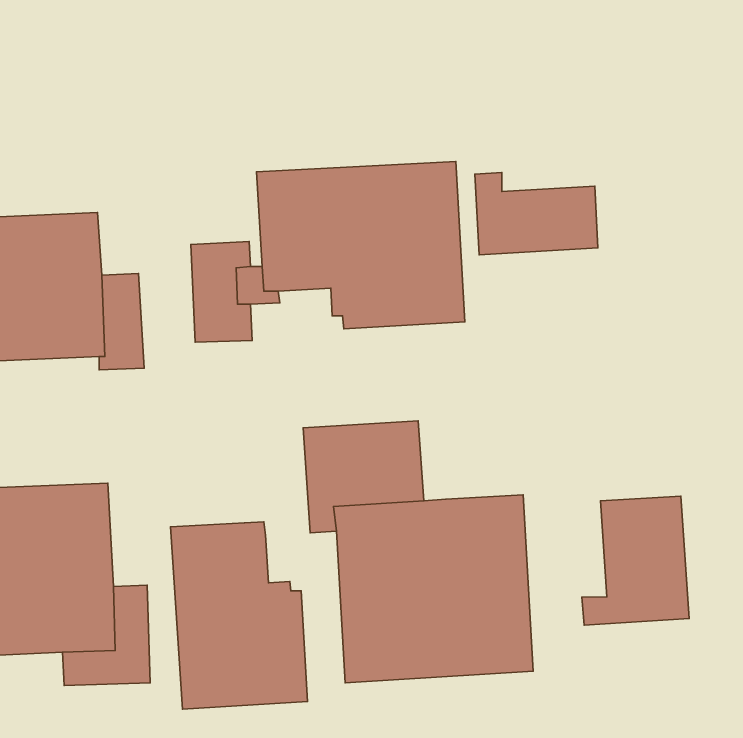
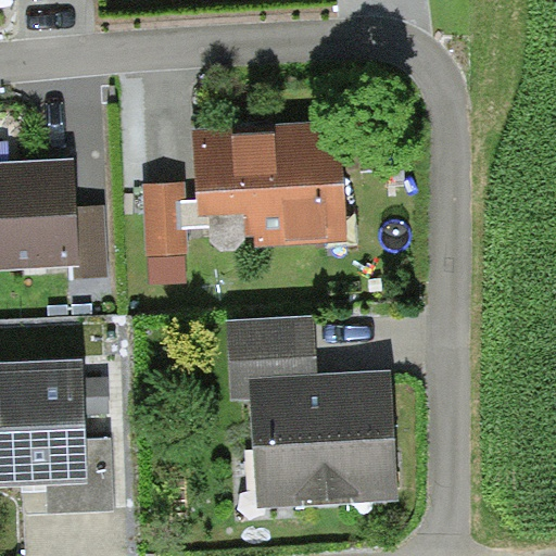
building: [475,172,598,255] -> none
building: [582,496,689,625] -> none
building: [171,522,308,709] -> none

